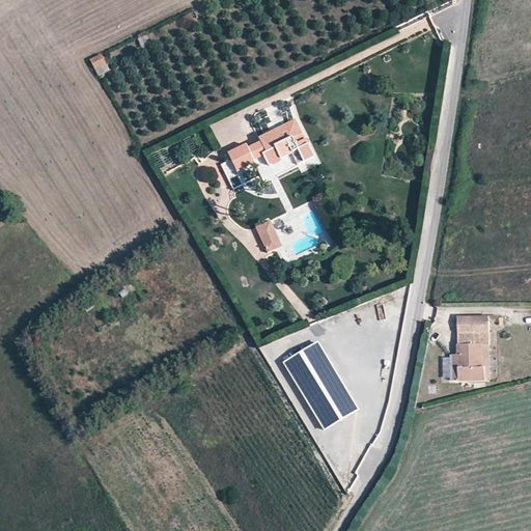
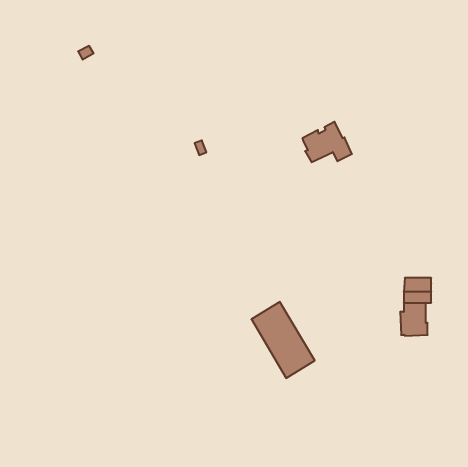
building: [257,119,313,165] -> [302,122,352,162]
building: [228,143,253,170] -> none
building: [255,220,281,251] -> none

